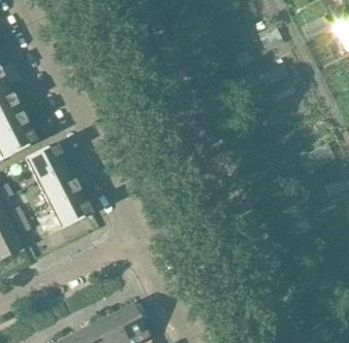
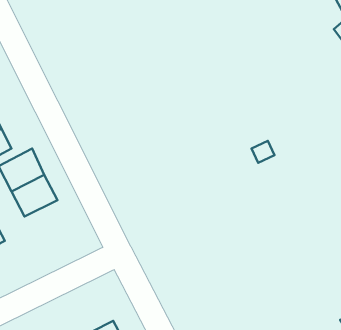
building: [50,190,92,229] -> none

